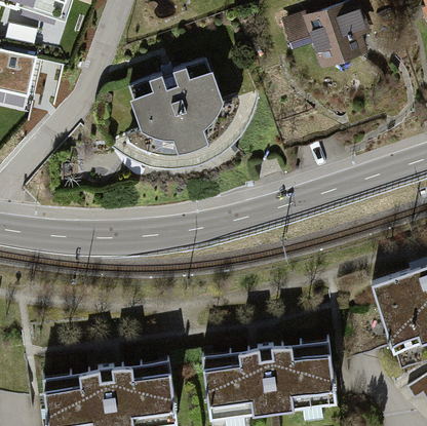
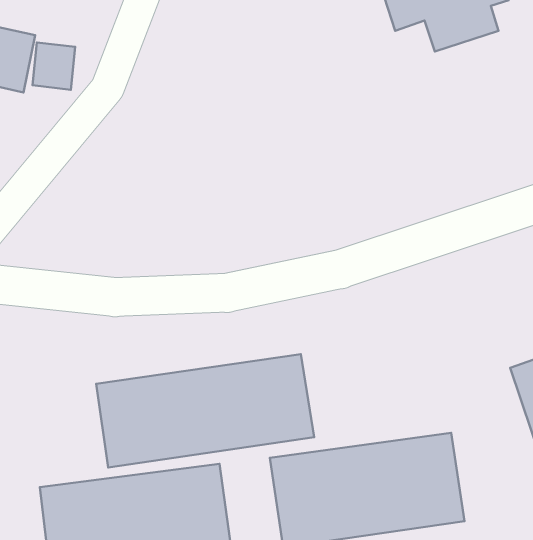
building: [124,59,239,161] -> none
building: none -> [96,354,314,467]

